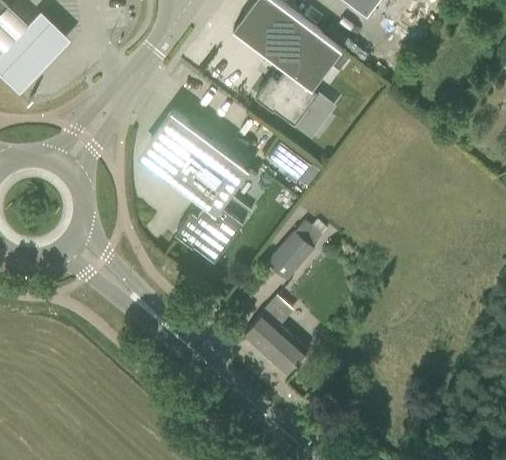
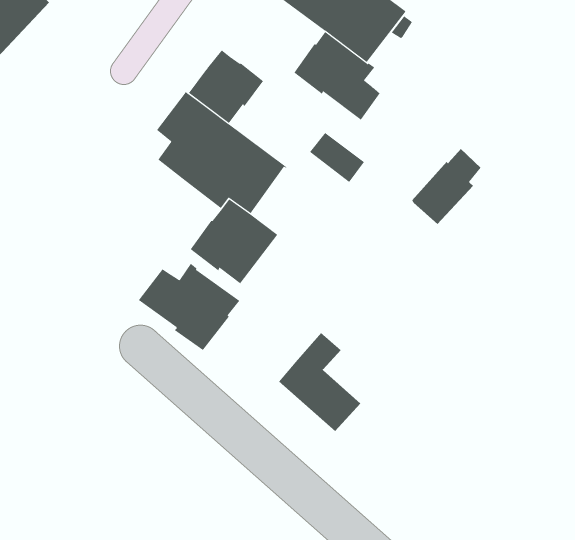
building: none -> [188,50,264,124]
building: [267,221,321,280] -> [412,148,482,225]
building: none -> [138,263,240,351]

